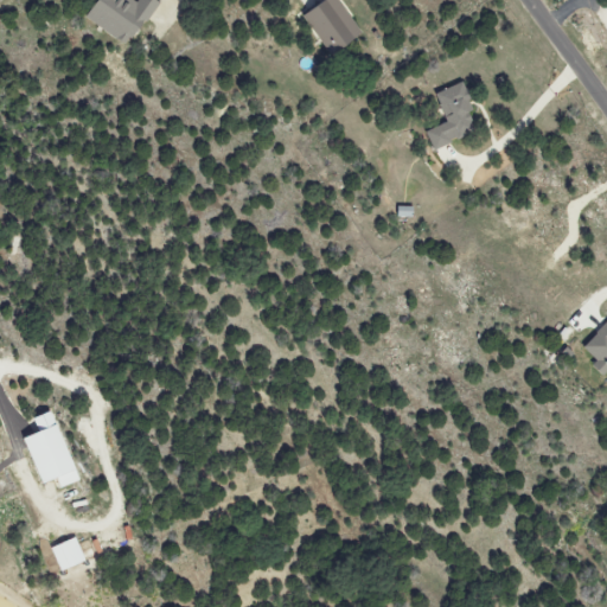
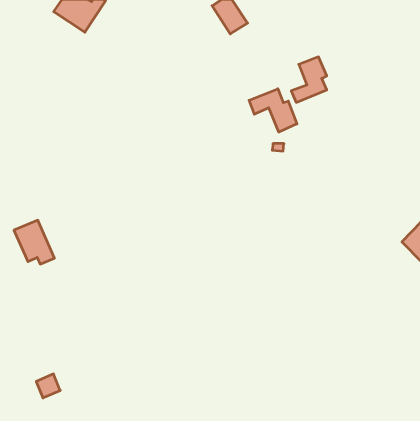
building: none -> [249,89,297,132]
building: [28,424,87,487] -> [14,220,54,264]

